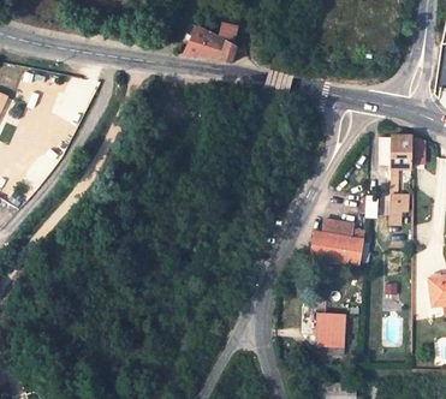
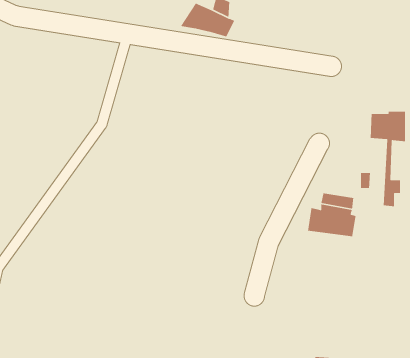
building: [316,315,347,355] -> none

